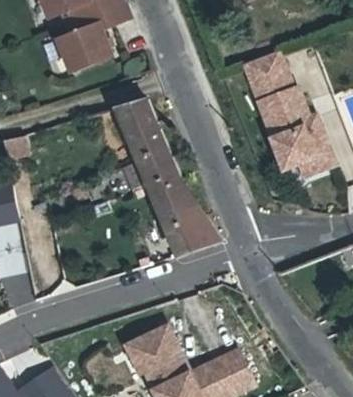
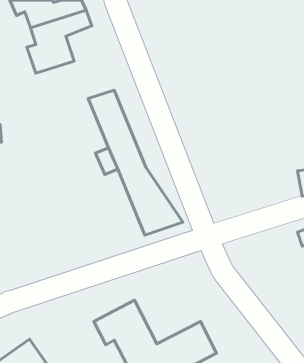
building: [247,50,340,176] -> none

